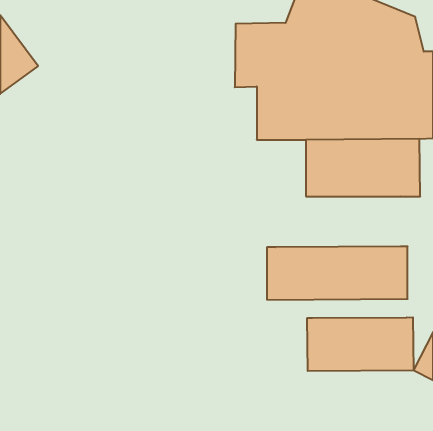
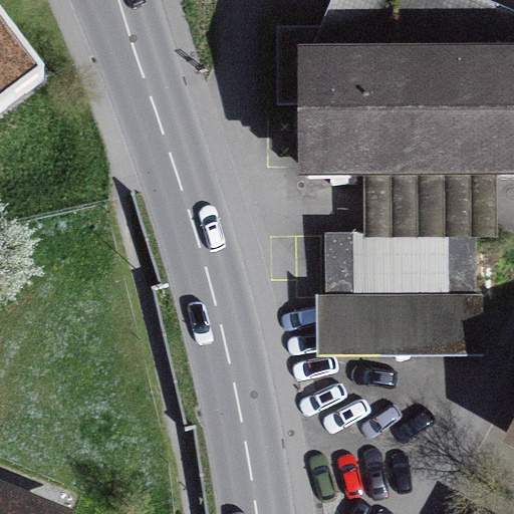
building: none -> [326,233,475,293]
building: [307,317,414,371] -> none

